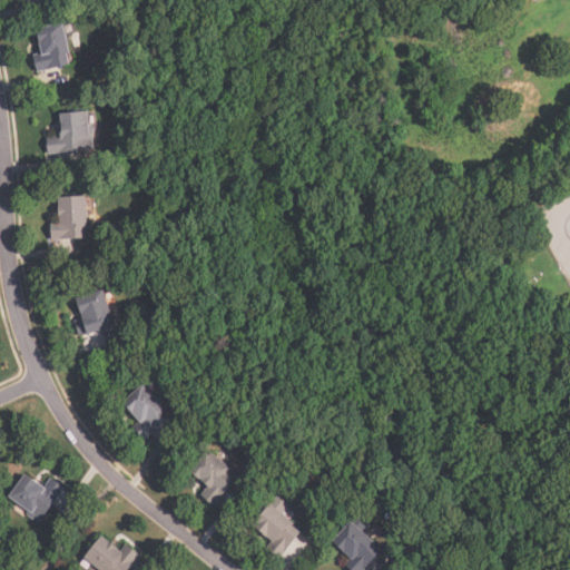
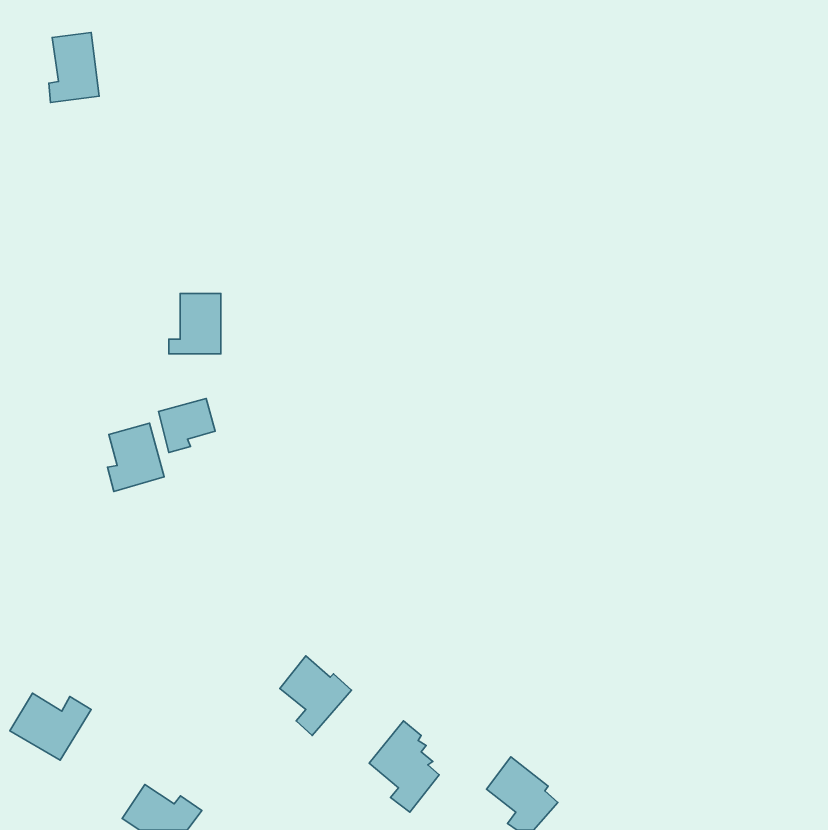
building: [43,110,92,154] -> none
building: [50,197,86,238] -> [169,293,221,354]
building: none -> [158,398,215,453]
building: [121,384,169,440] -> none

